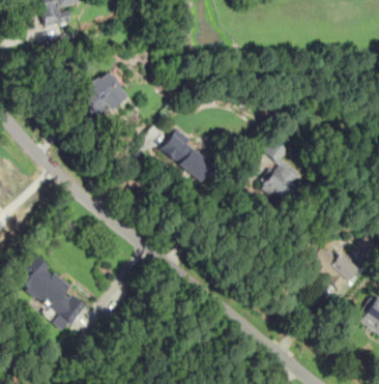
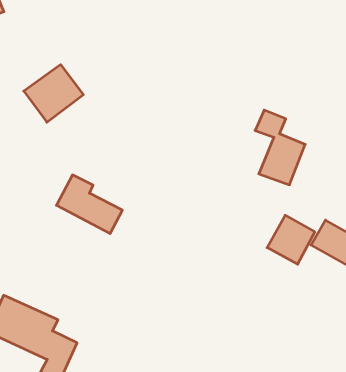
building: [159,127,213,181] -> [56,175,122,234]
building: none -> [267,215,315,264]

